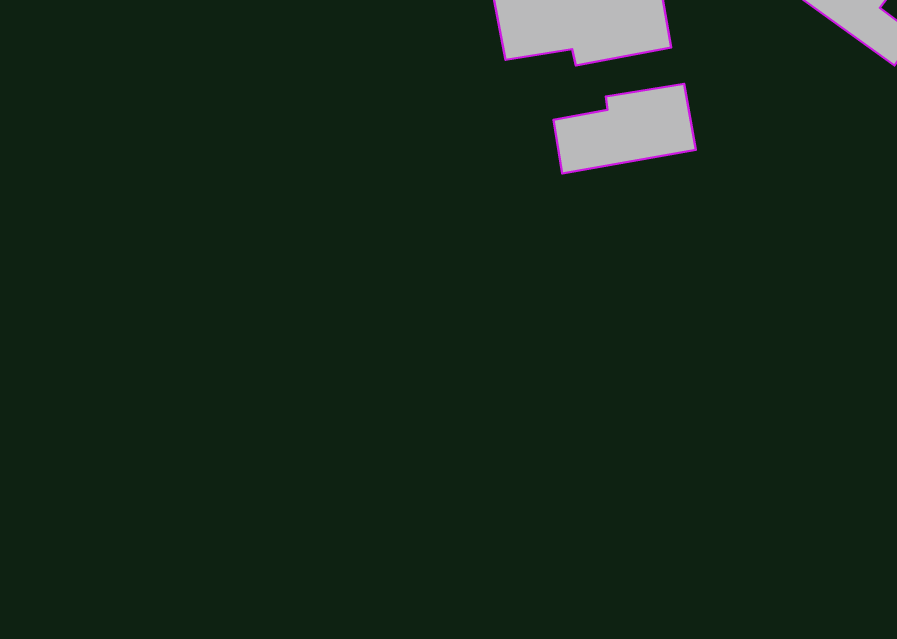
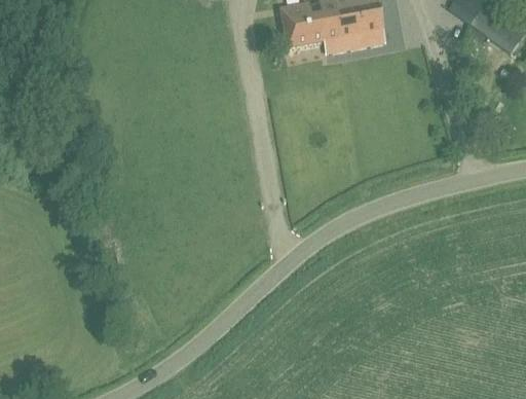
building: [554,84,696,173] -> none

